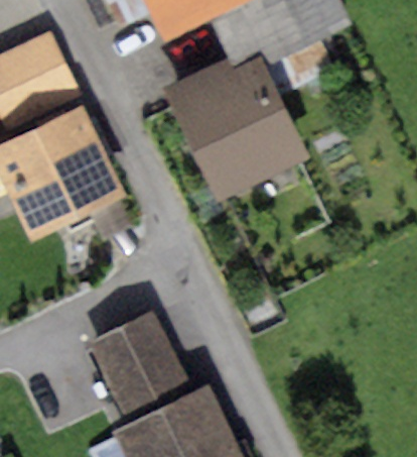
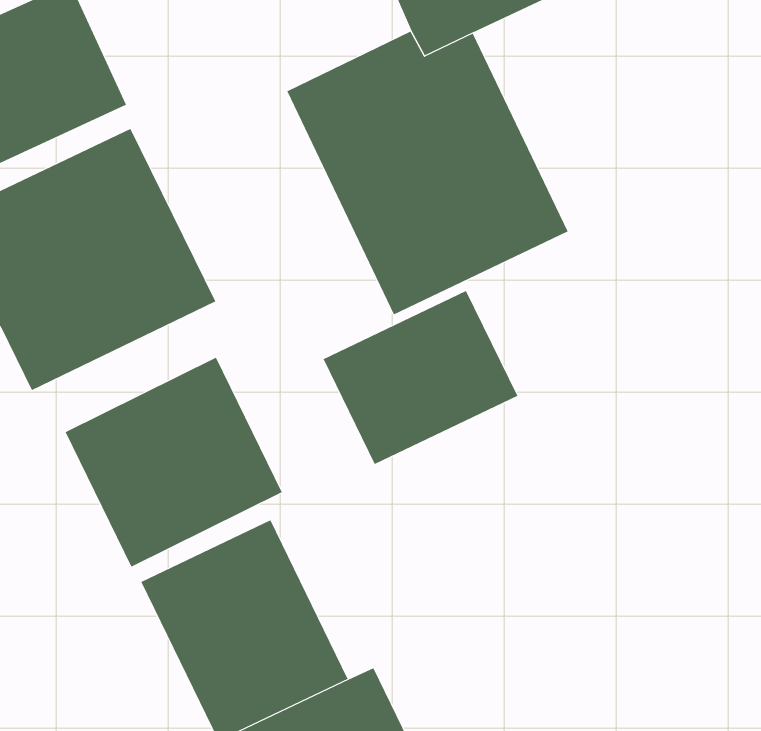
building: none -> [323,290,518,465]
building: none -> [65,357,282,568]

